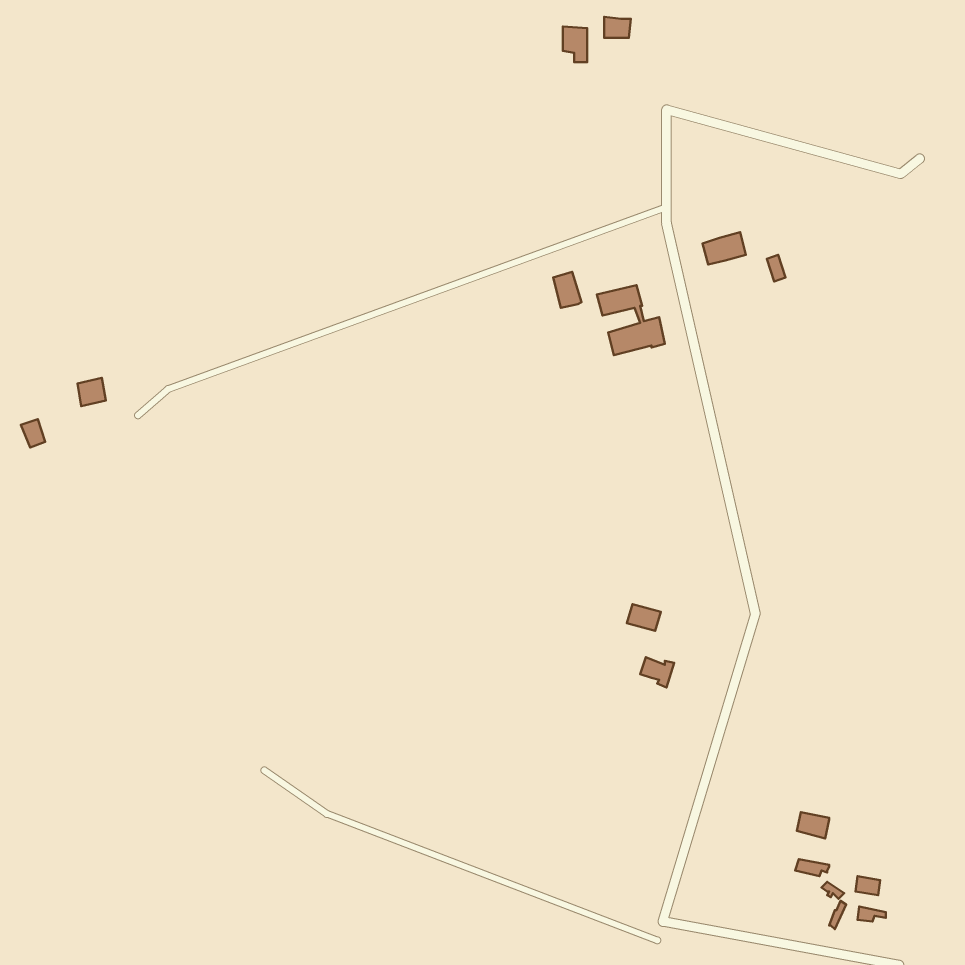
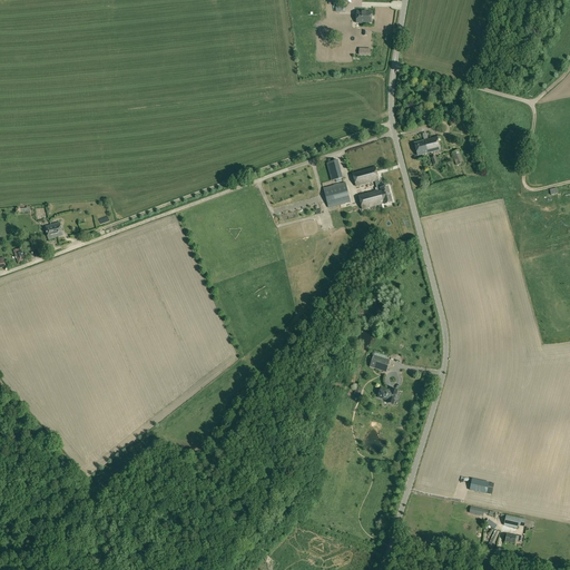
building: none -> [323,183,351,208]

